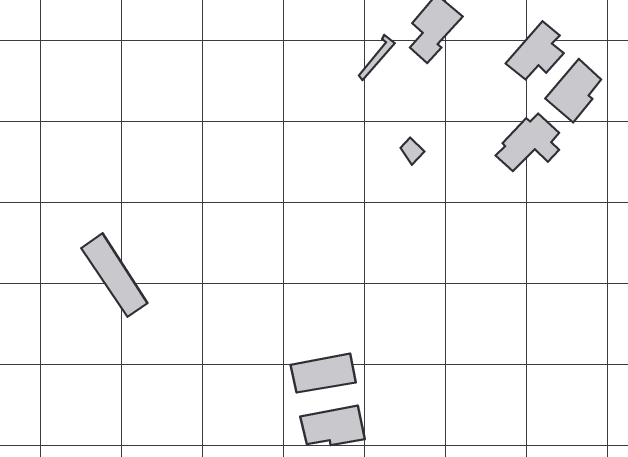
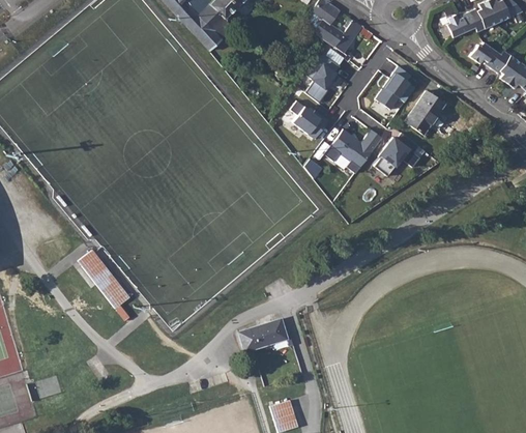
building: none -> [289,102,328,141]
building: none -> [324,129,382,173]
building: [300,405,365,445] -> none

